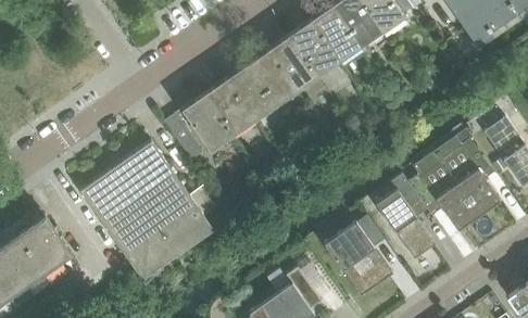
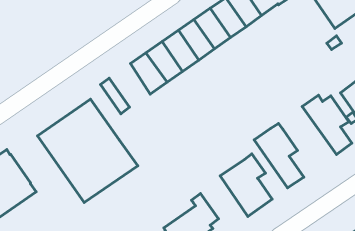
building: [181,93,229,149] -> none
building: [406,151,478,230] -> none

